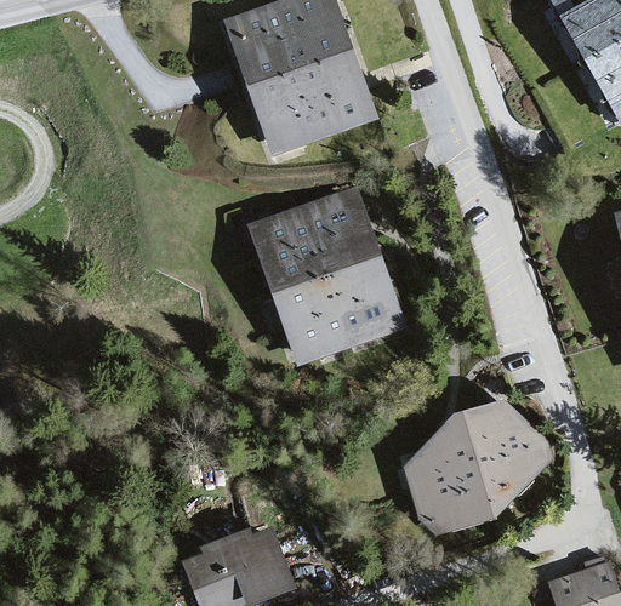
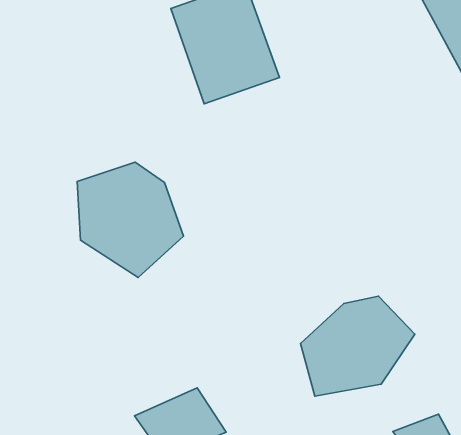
building: [238,181,409,359] -> none
building: none -> [77,162,183,278]

